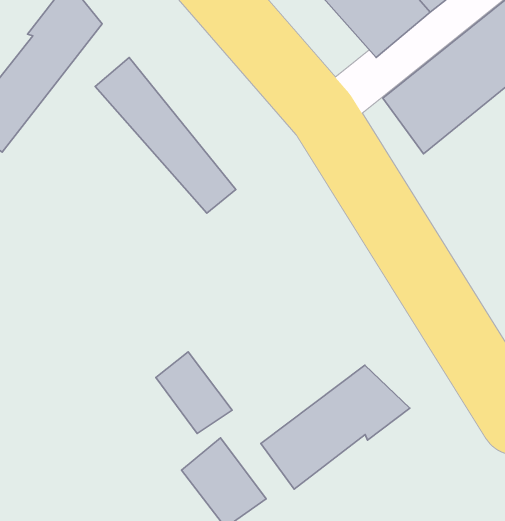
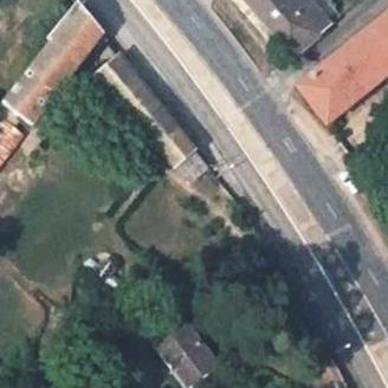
building: [156,352,232,433] -> none
building: [261,365,410,489] -> none

